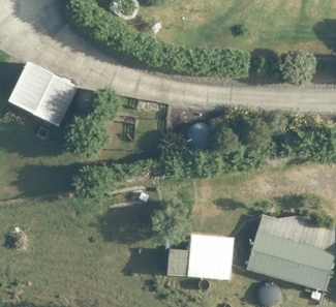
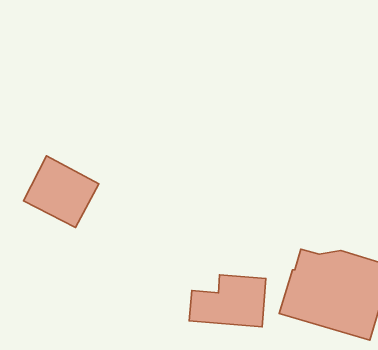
building: [11,64,75,125] -> [23,156,99,228]

